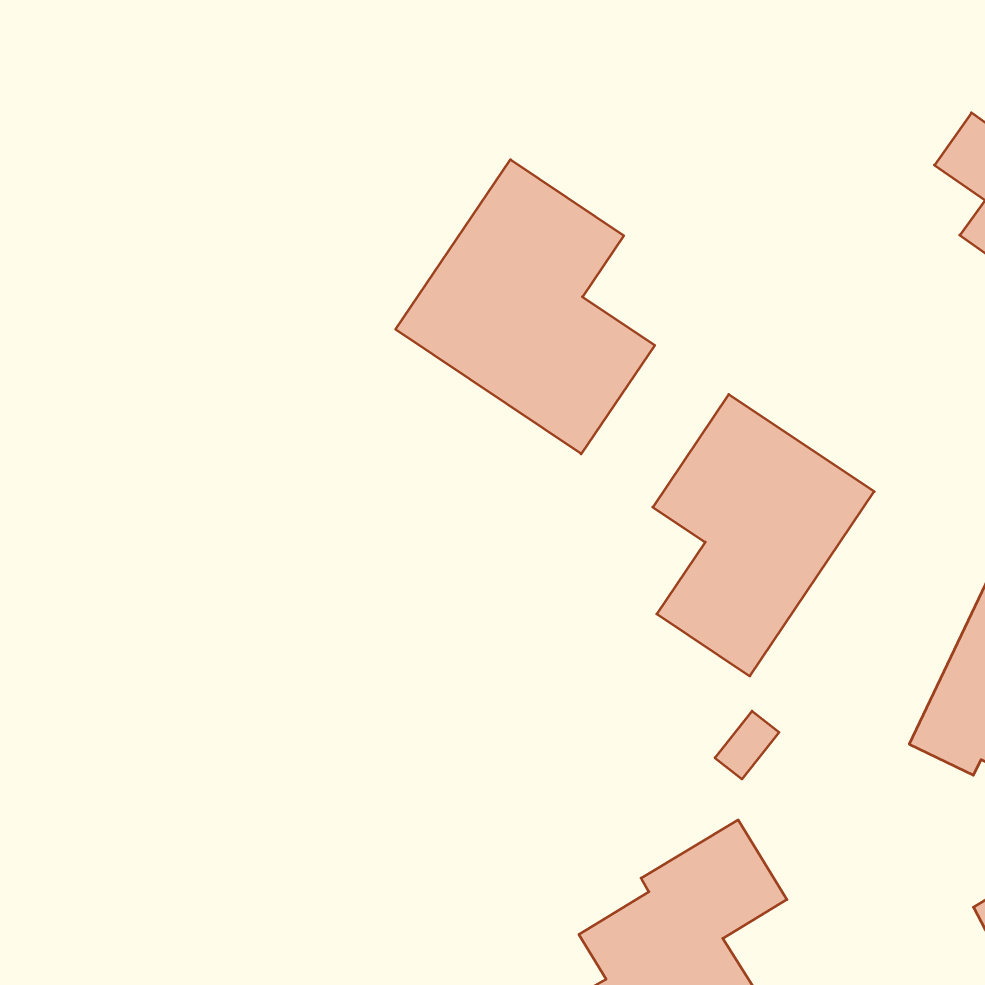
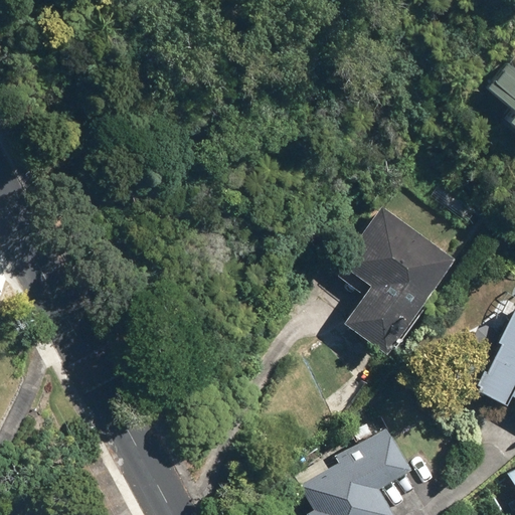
building: [396,160,655,454] -> none

